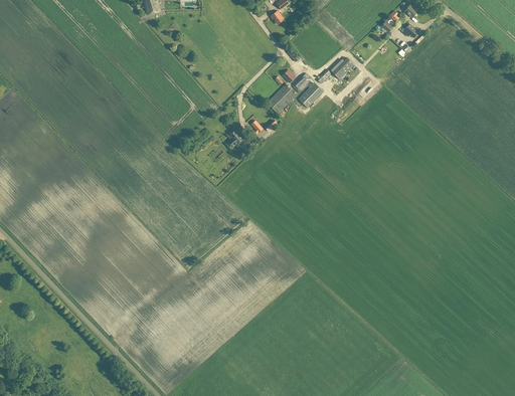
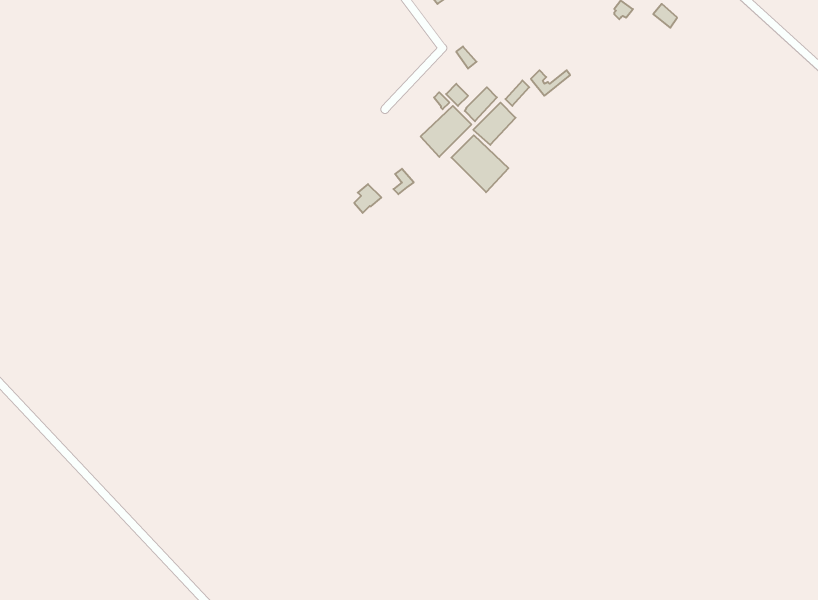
building: none -> [451,135,508,192]

